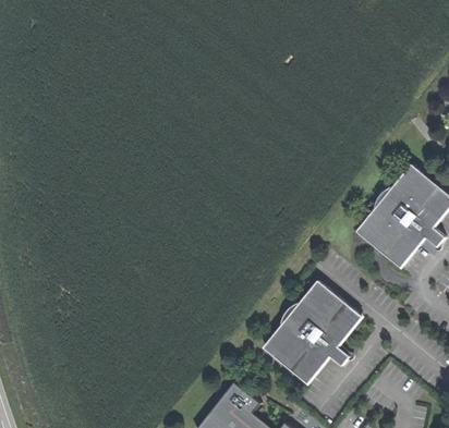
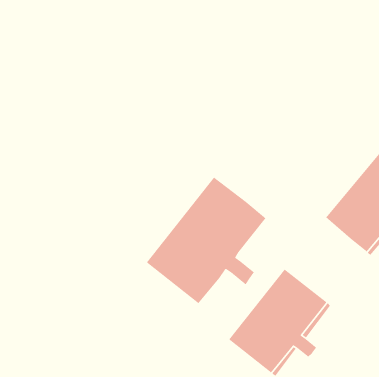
building: none -> [146,177,267,304]

